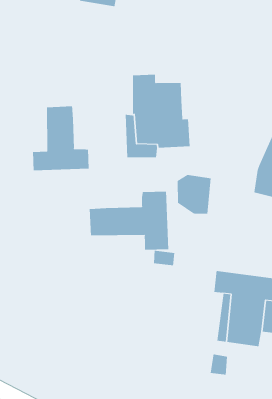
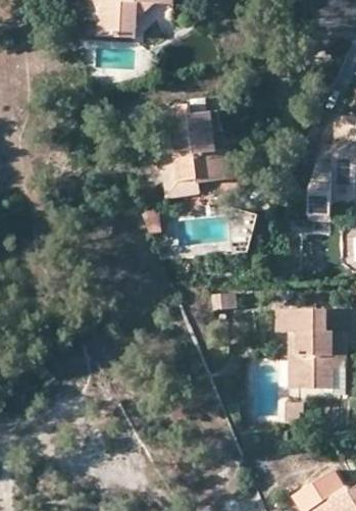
building: [33,105,89,171] -> none
building: [89,191,169,250] -> none

